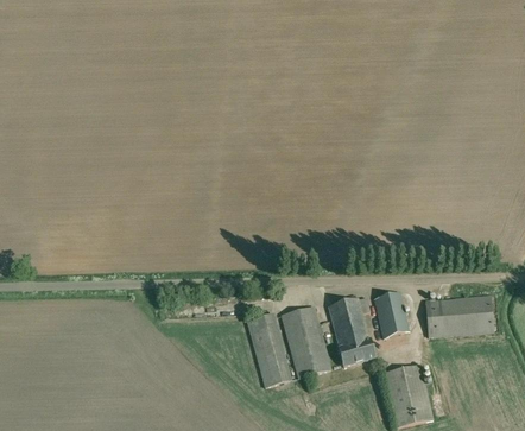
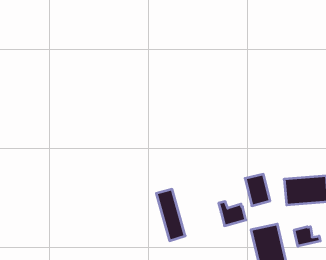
building: [328,297,369,341] -> none
building: [280,305,330,378] -> none
building: none -> [294,227,320,246]

